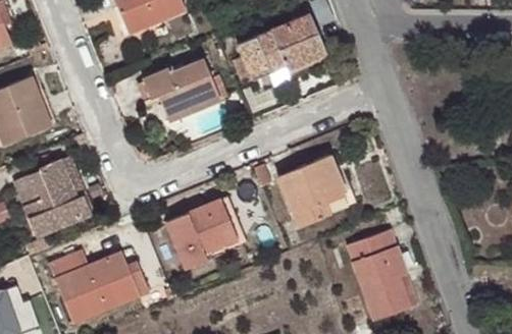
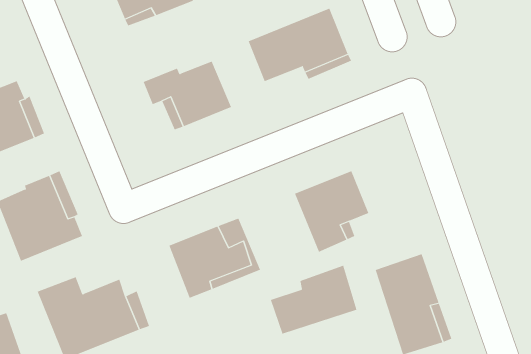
building: none -> [270,265,357,334]

